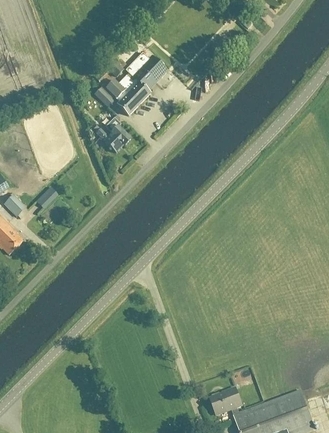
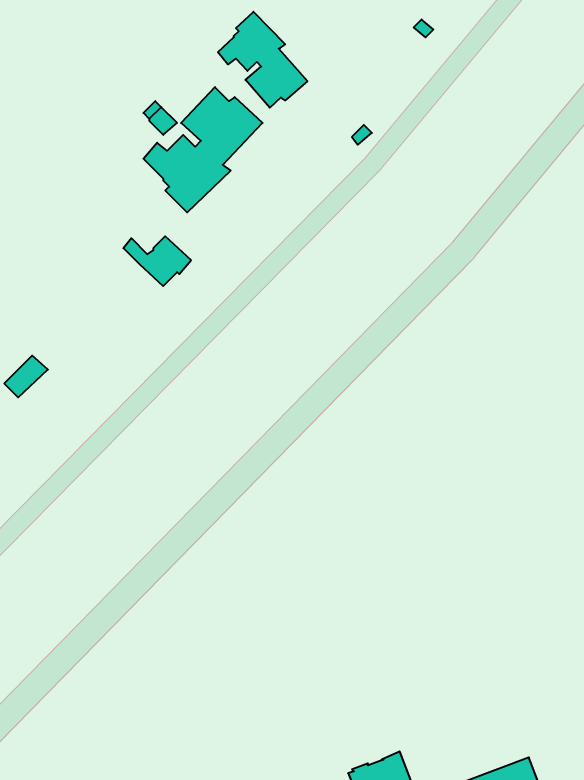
building: none -> [218,12,307,108]

